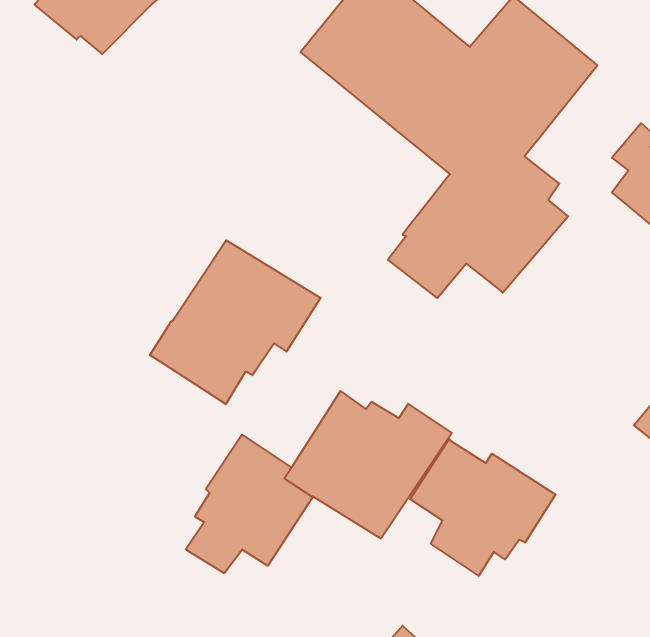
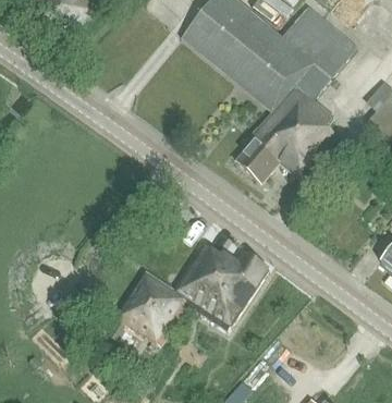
building: [150,240,321,404] -> none
building: [410,439,556,576] -> none

